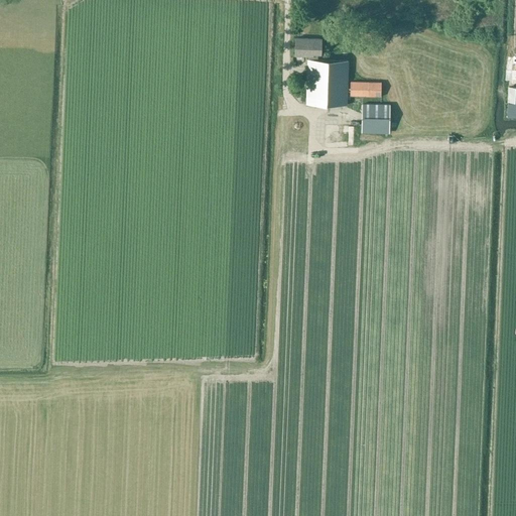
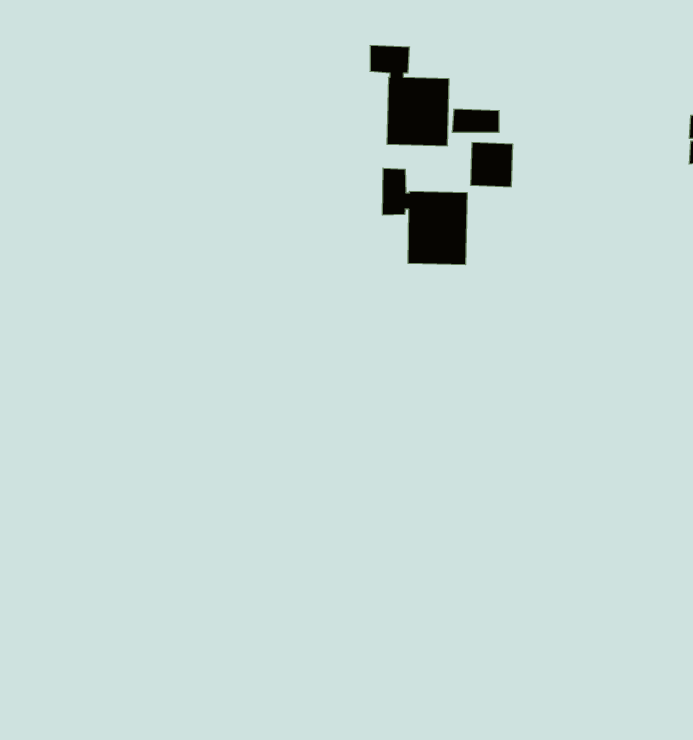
building: none -> [383,168,467,265]

